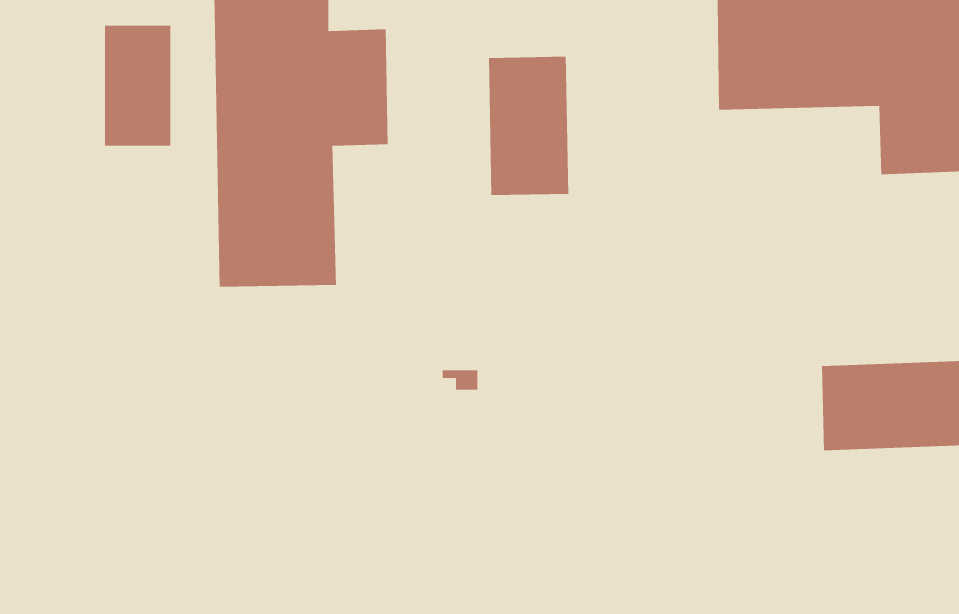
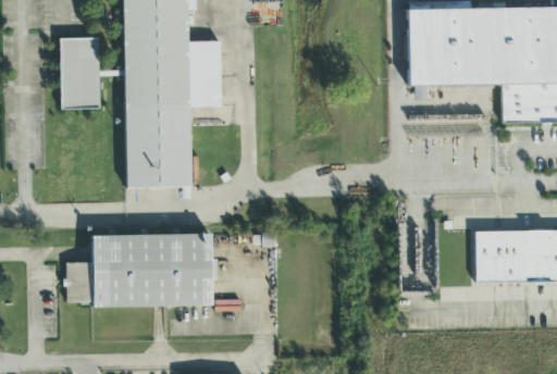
building: [488,56,569,196] -> none
building: none -> [66,234,214,306]

